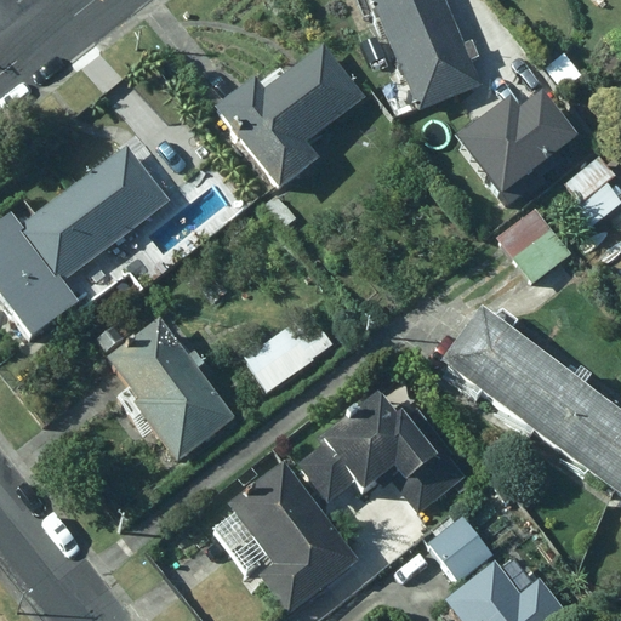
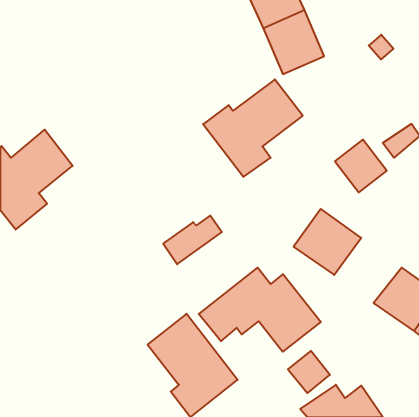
building: [217,42,364,186] -> [203,79,303,177]
building: [465,75,586,192] -> none
building: [69,146,167,244] -> none
building: [106,321,232,456] -> none
building: [495,349,594,445] -> none

